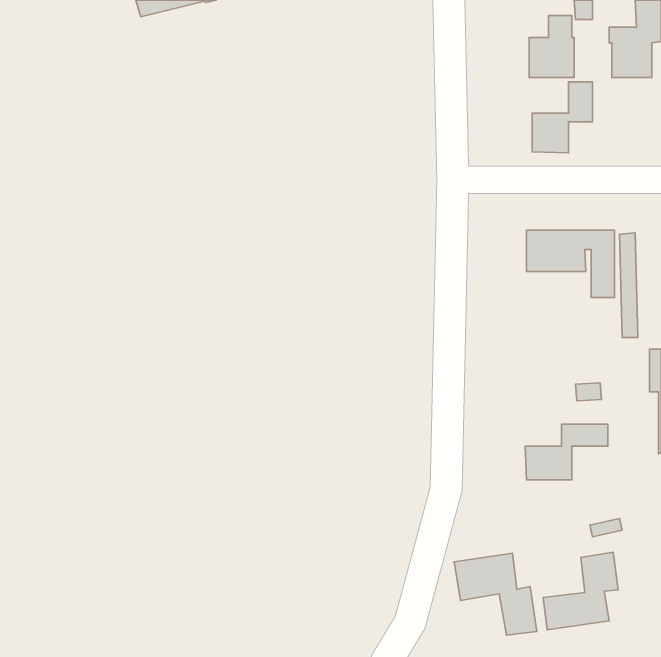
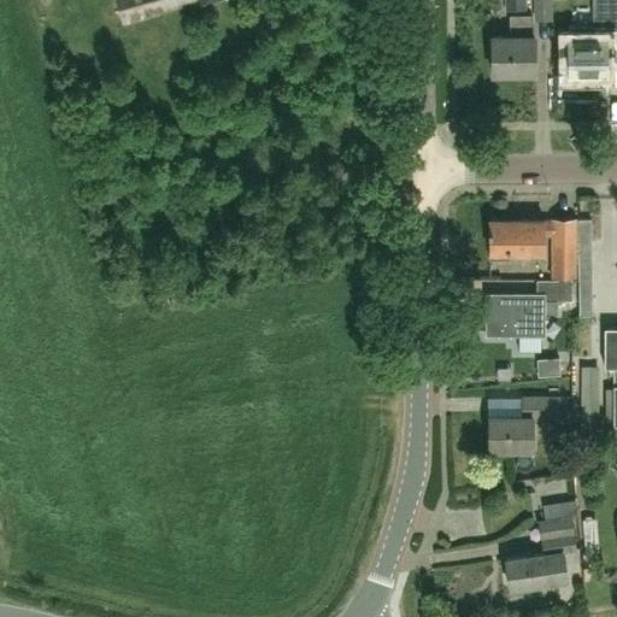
building: [532,82,592,153] -> none
building: none -> [488,283,572,335]
building: [454,553,537,635] -> none

